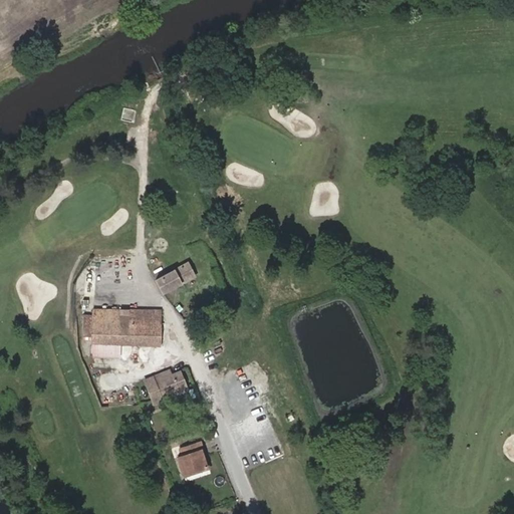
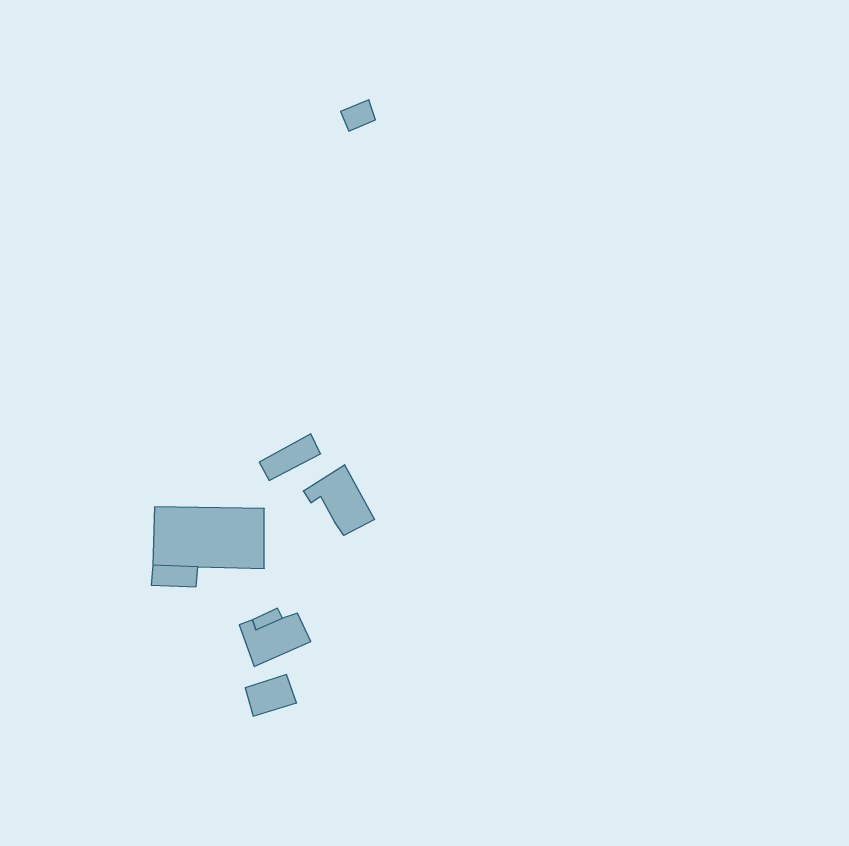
building: none -> [303,465,374,535]
building: [176,452,207,477] -> [245,675,297,716]

